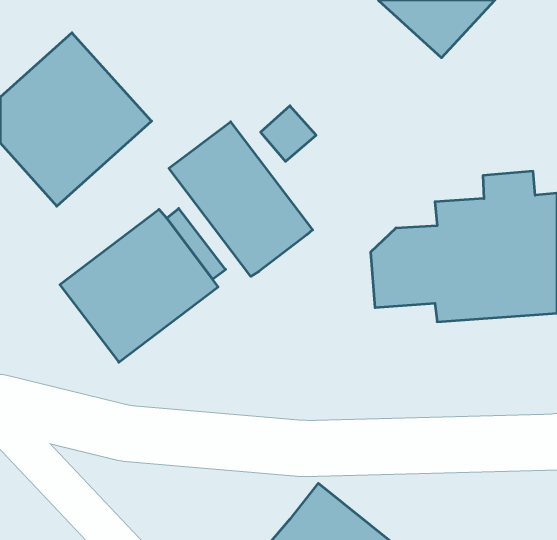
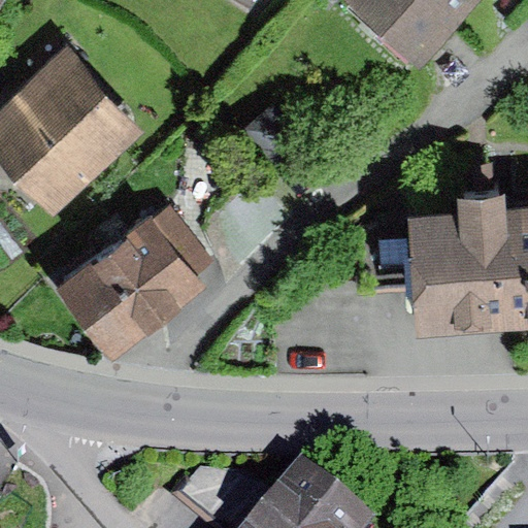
building: [169,122,313,276] -> none

